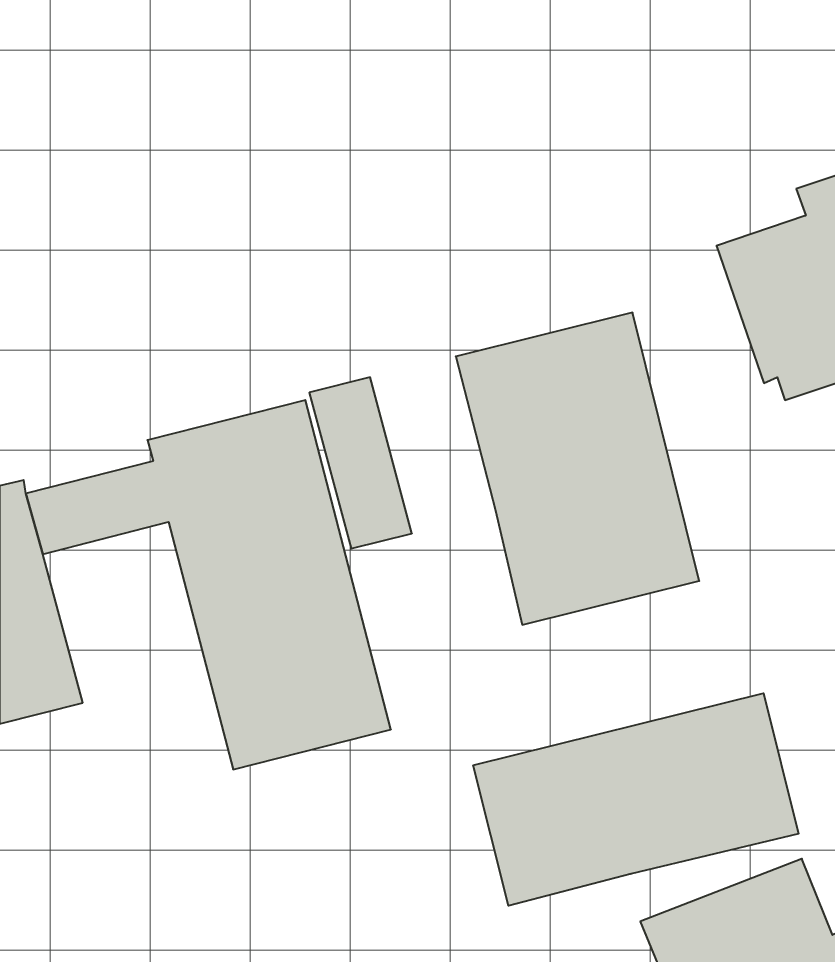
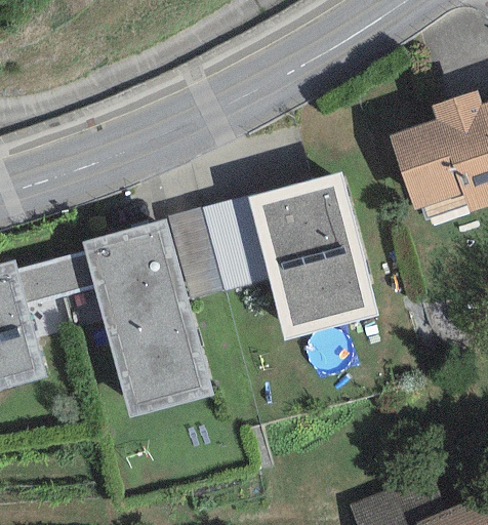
building: none -> [201,196,269,291]
building: [473,693,799,906] -> none

